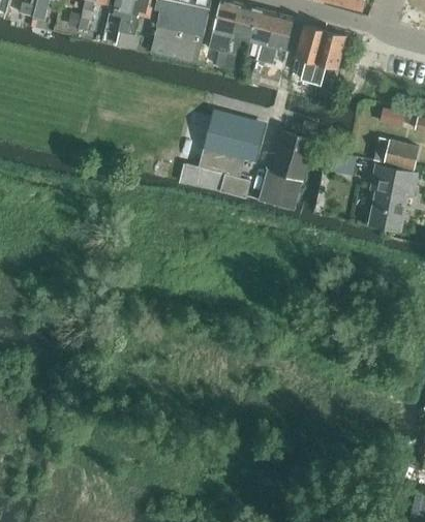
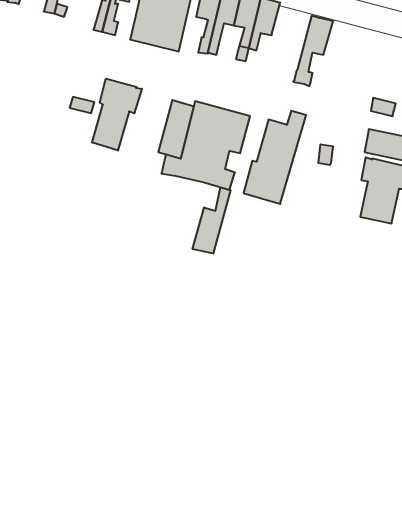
building: [295,26,324,82] -> none
building: none -> [92,79,142,151]
building: none -> [193,187,231,254]

